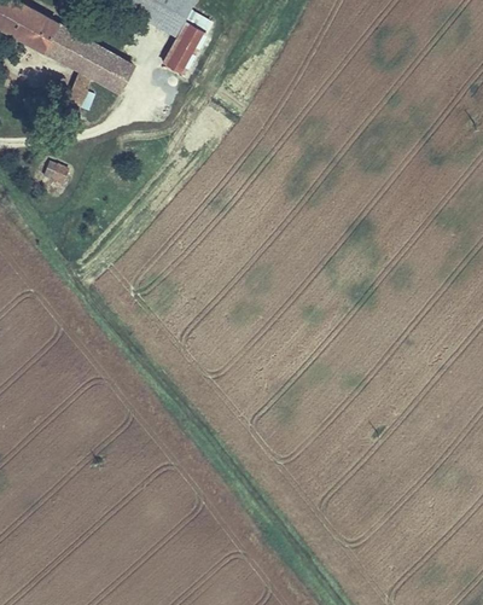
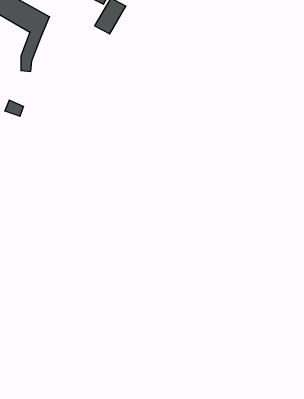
building: [92,51,133,92] -> none

